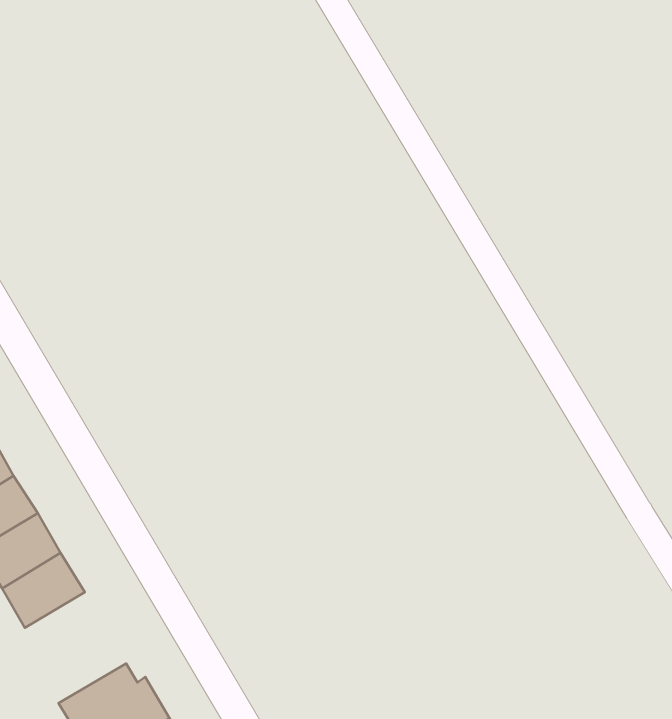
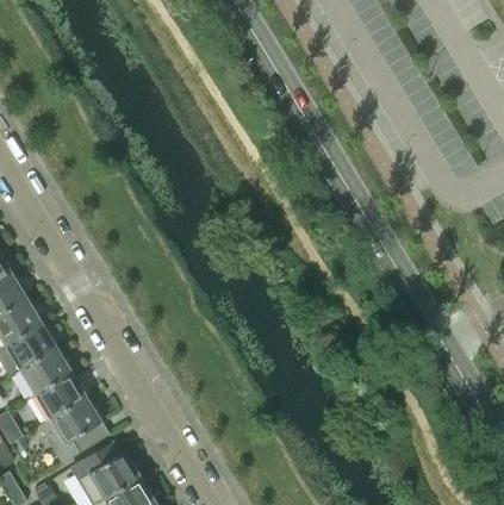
building: none -> [37,397,107,463]

